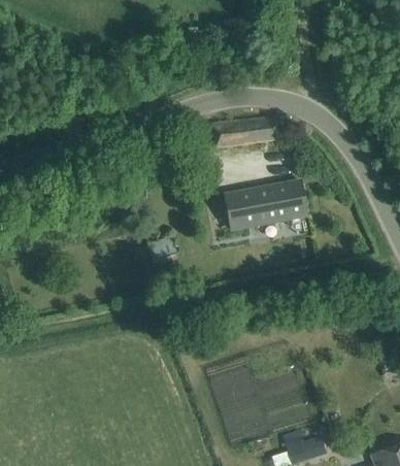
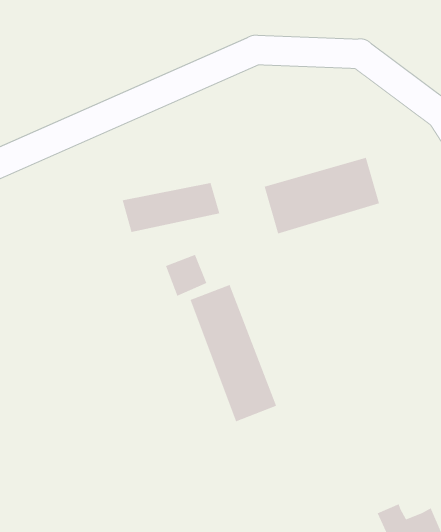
building: [212,116,281,146] -> [122,182,220,233]
building: none -> [190,284,277,422]

